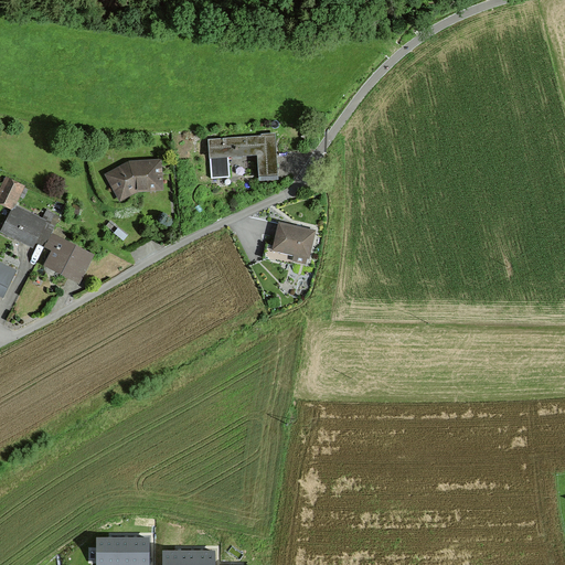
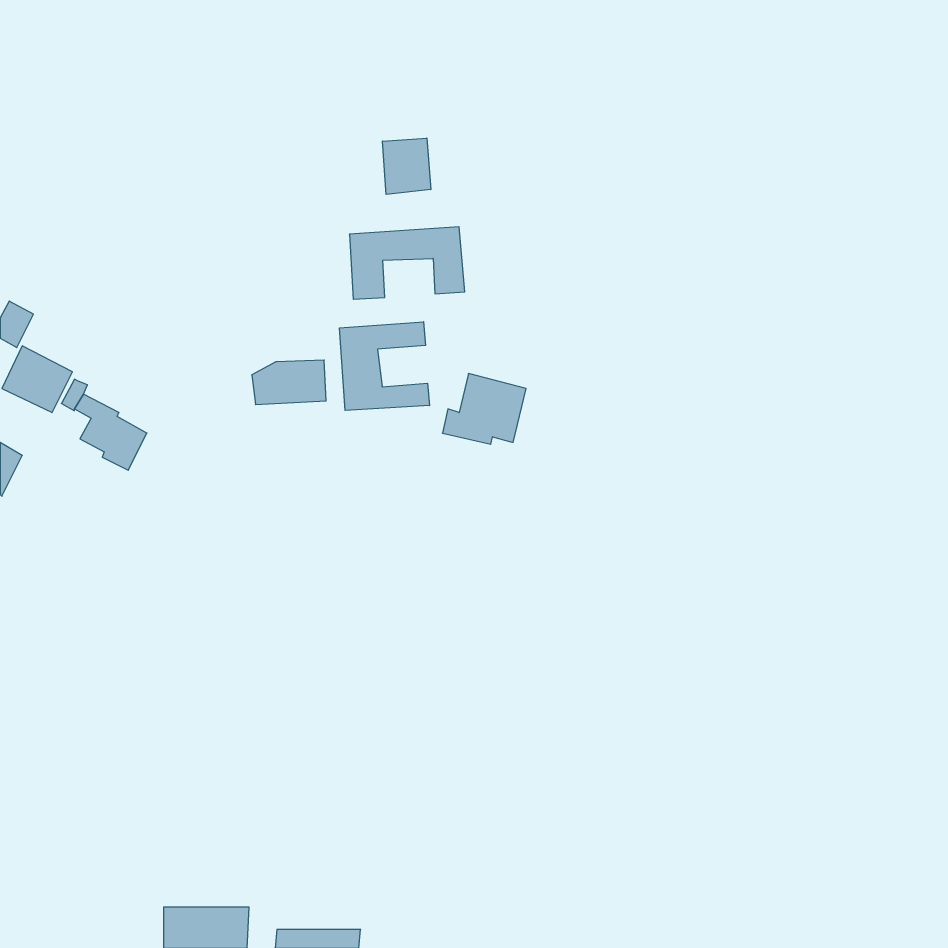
building: none -> [383,138,431,194]
building: [115,162,159,189] -> [252,360,326,405]
building: none -> [340,322,429,410]

